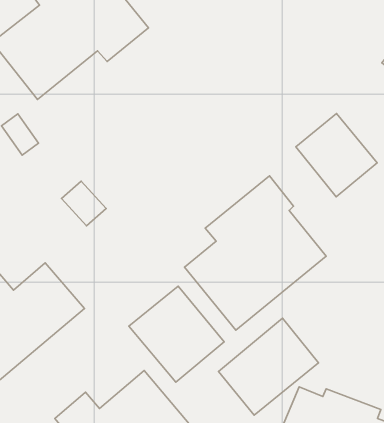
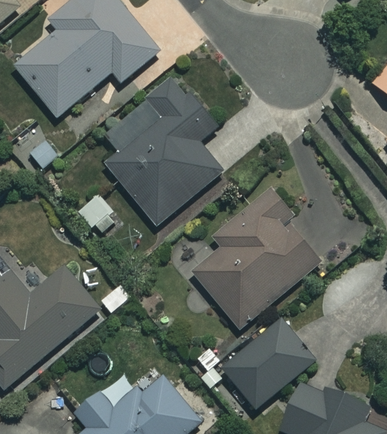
building: none -> [105,78,222,225]
building: [296,114,377,197] -> none
building: [129,286,224,382] -> none

